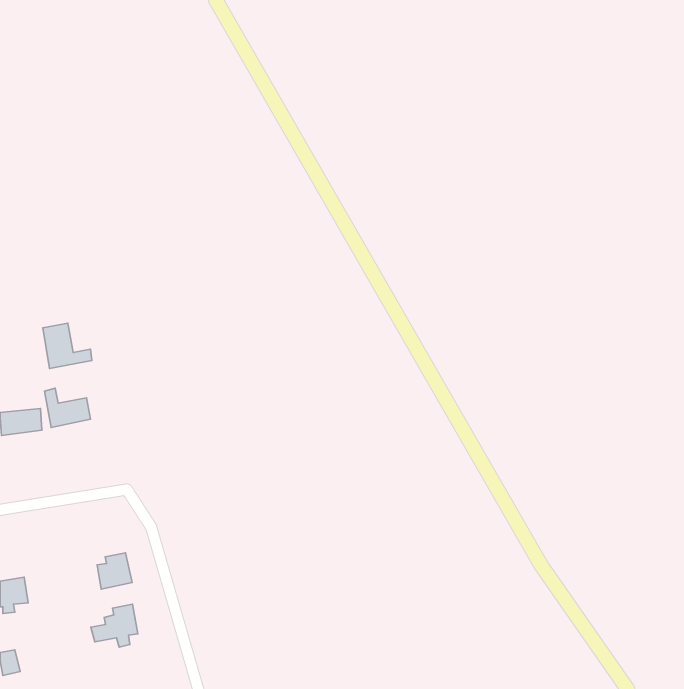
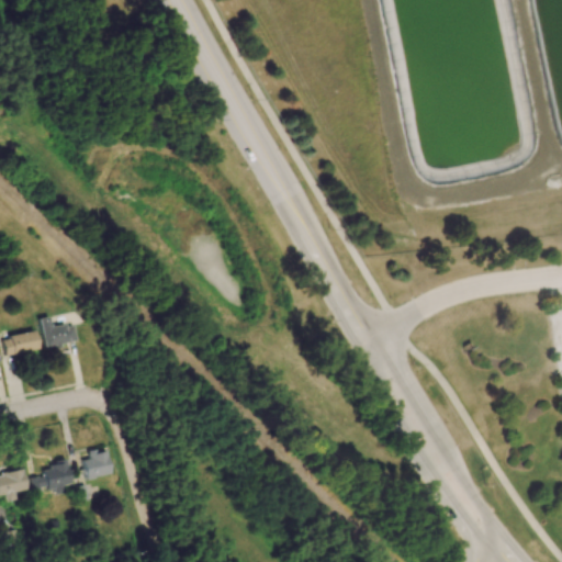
building: [43,323,92,369] -> none
building: [91,604,138,647] -> [33,460,71,495]

